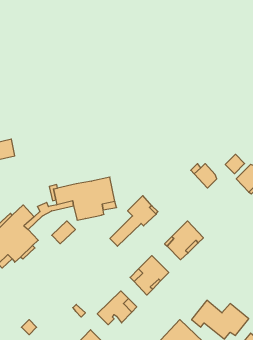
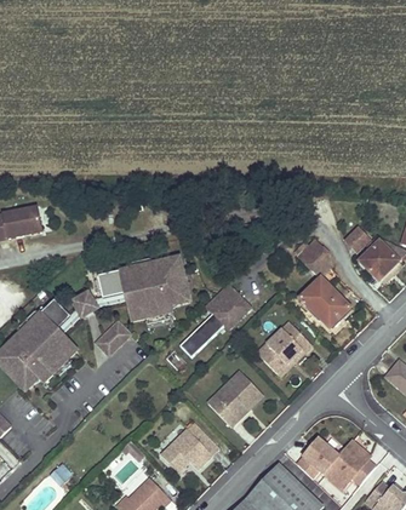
building: none -> [301,277,350,332]

